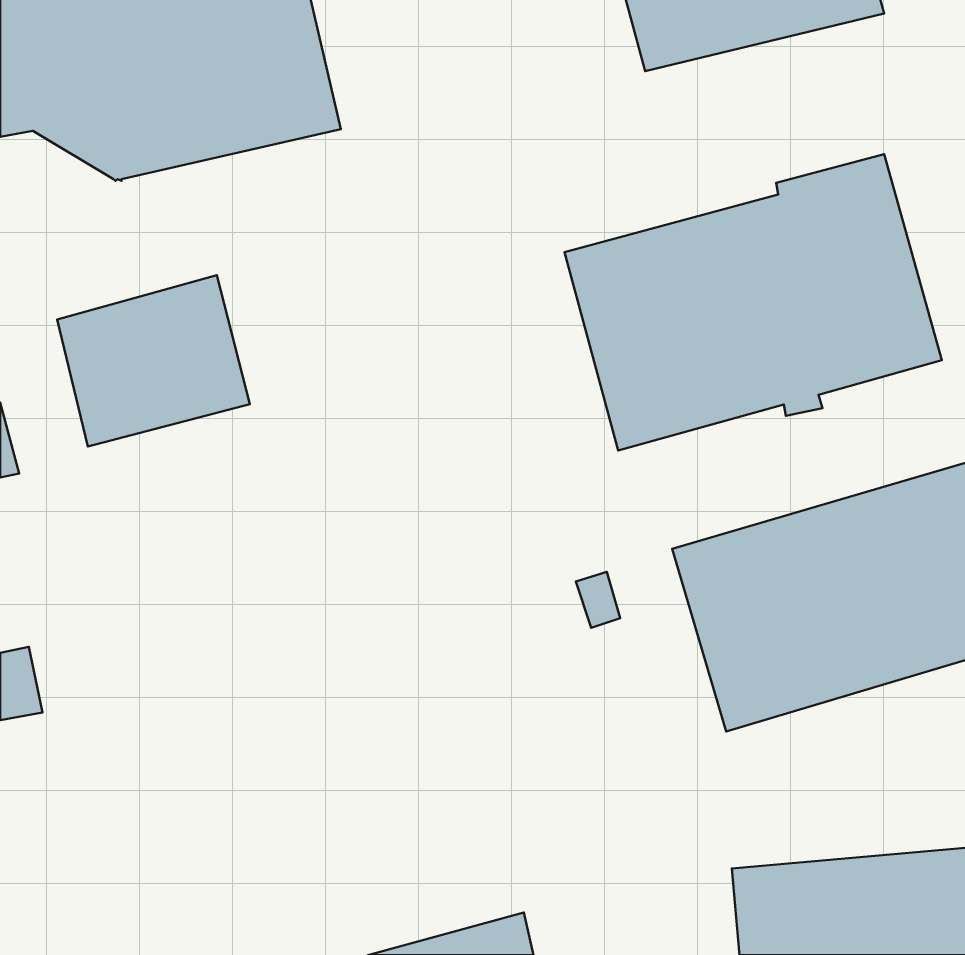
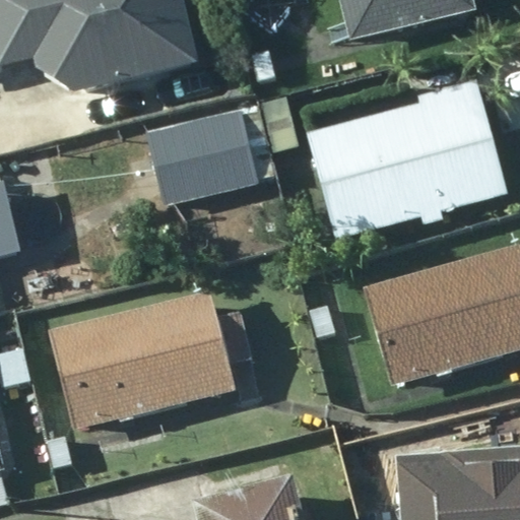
building: [57,275,250,447] -> [154,108,256,198]
building: none -> [51,292,232,422]

